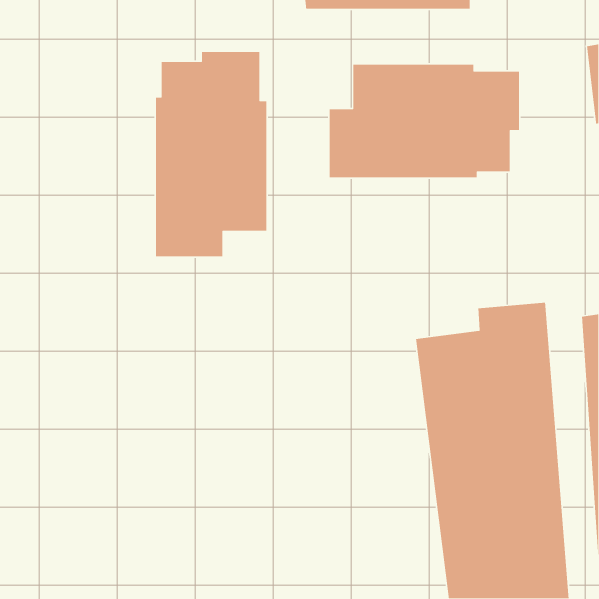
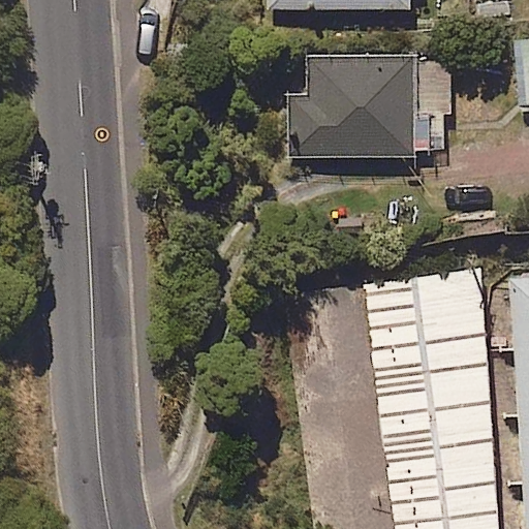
building: [155,51,267,257] -> none

